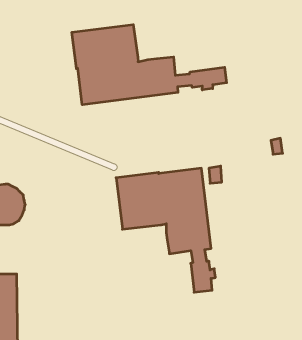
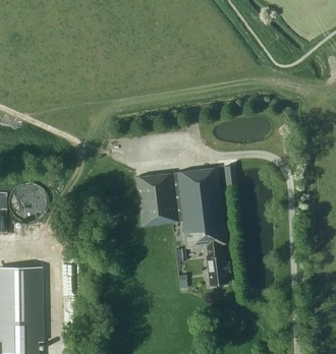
building: [72,25,227,105] -> none

